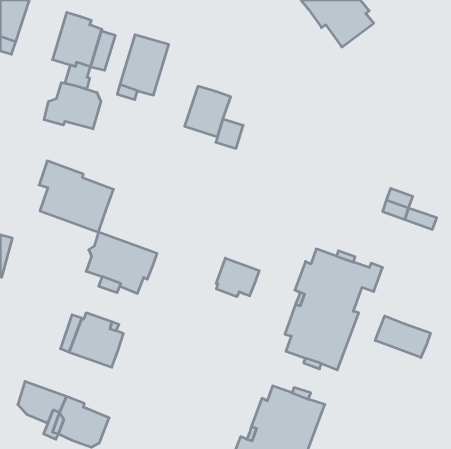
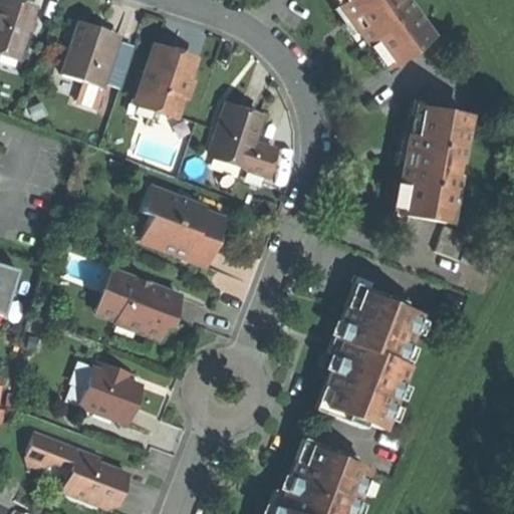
building: [44,83,101,129] -> none
building: none -> [402,100,466,216]
building: [39,161,114,232] -> [140,183,224,263]
building: [216,258,259,297] -> none
building: [375,316,430,358] -> none

